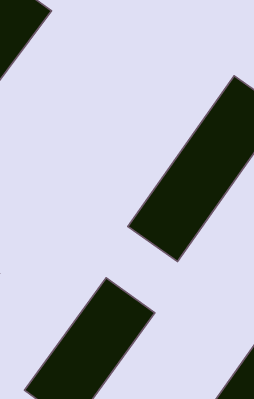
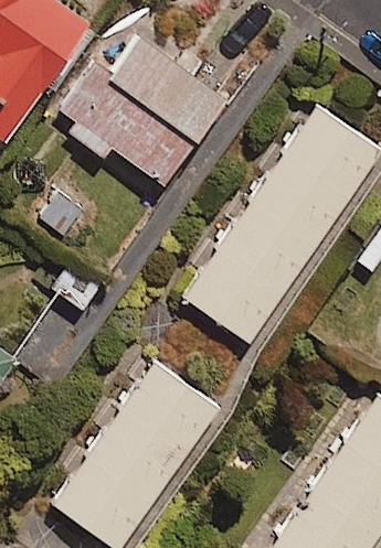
building: none -> [61,36,223,184]

